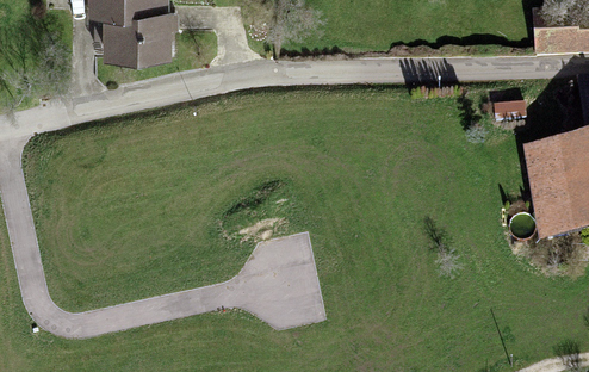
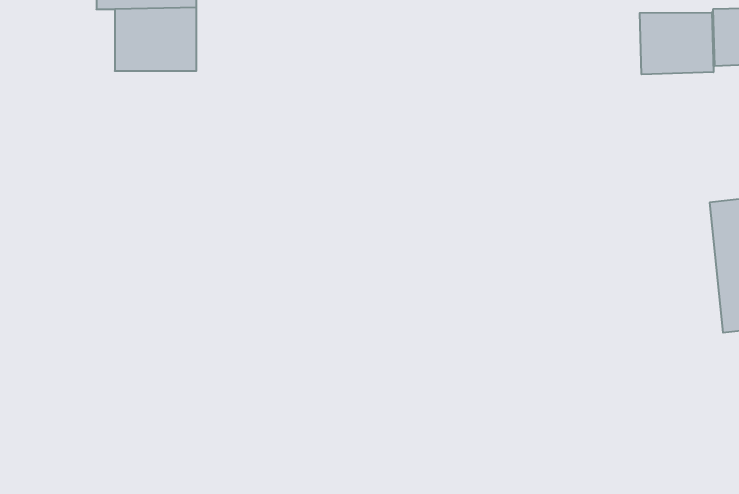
building: none -> [640,12,713,74]

